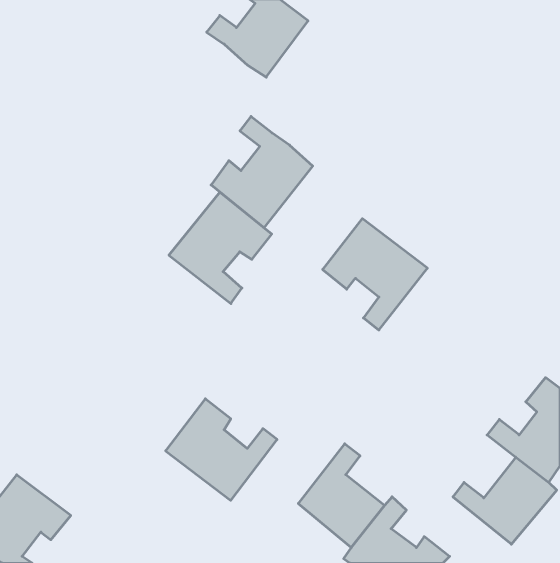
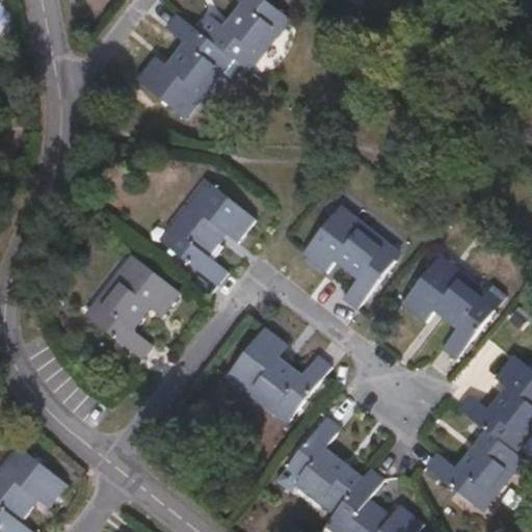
building: [211,116,313,228] -> [137,15,233,119]
building: none -> [401,255,500,358]
building: none -> [84,256,181,360]
building: [166,399,277,500] -> [227,327,331,423]

